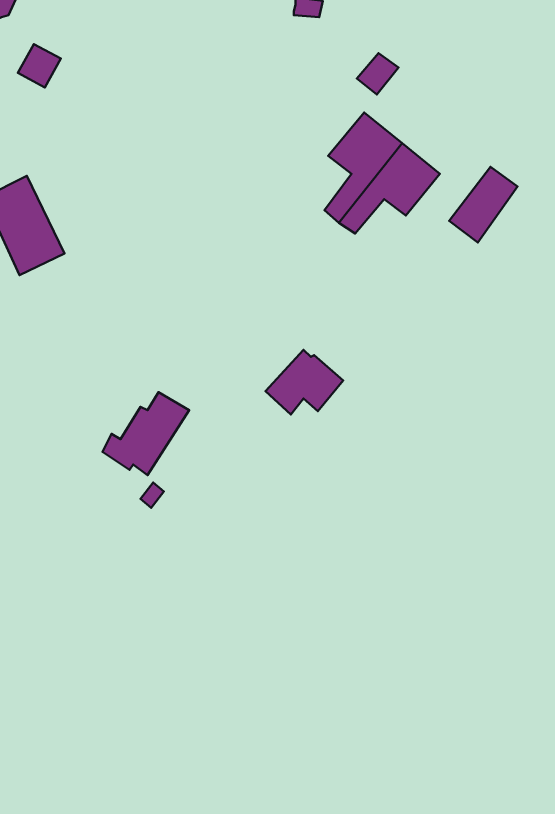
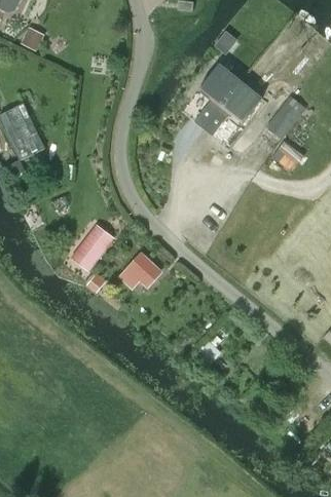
building: [266,350,343,415] -> [117,254,161,291]

